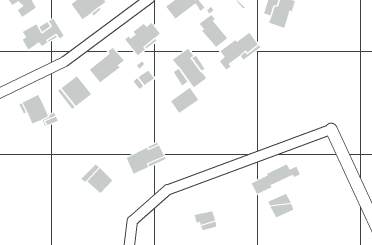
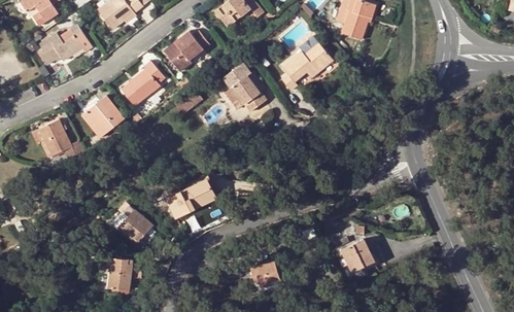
building: [199,14,228,48] -> none
building: [170,87,199,114] -> none
building: [251,163,301,195] -> none
building: none -> [107,256,141,288]

